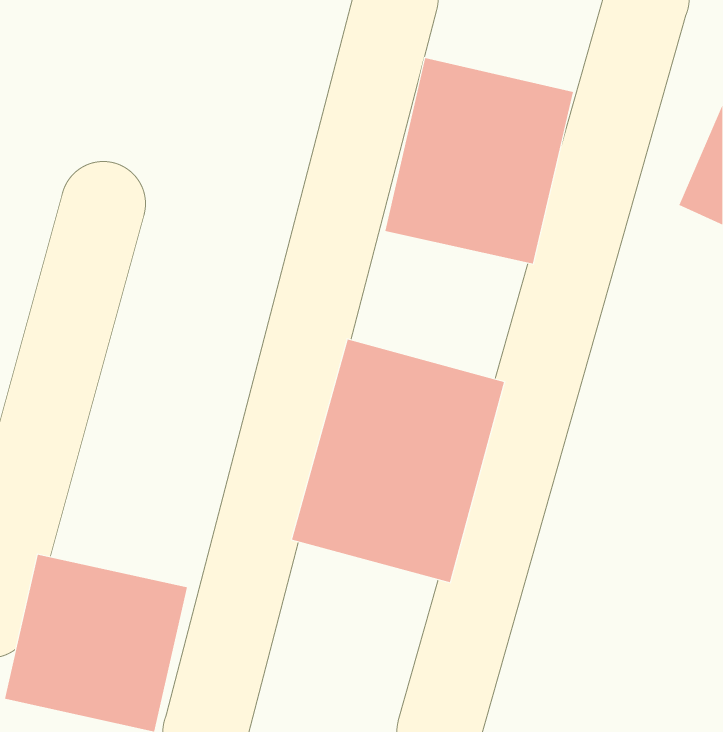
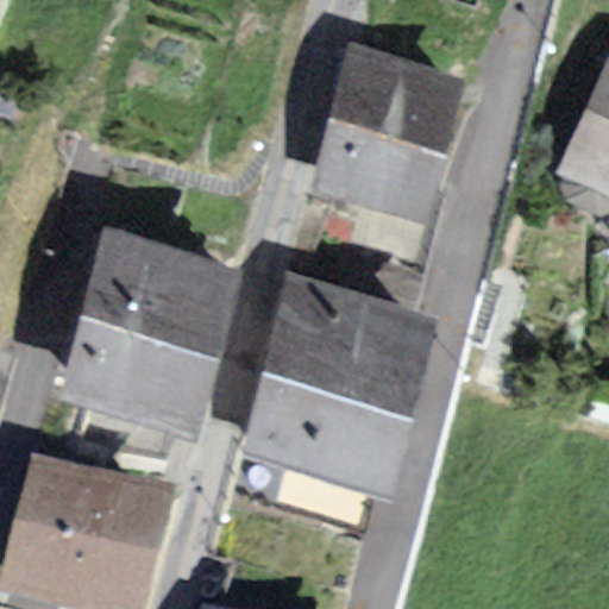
building: none -> [58,232,225,423]

